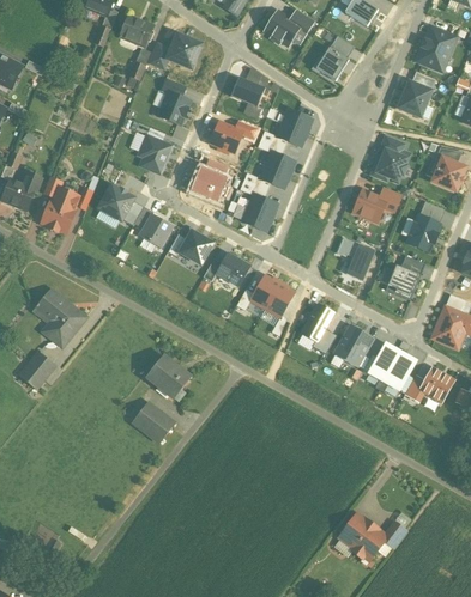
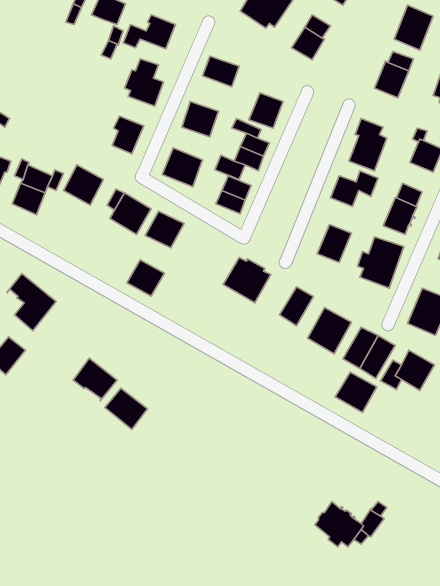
building: [215,251,252,287] -> [127,260,165,296]
building: [147,355,191,397] -> [73,358,117,401]
building: none -> [335,372,377,413]

